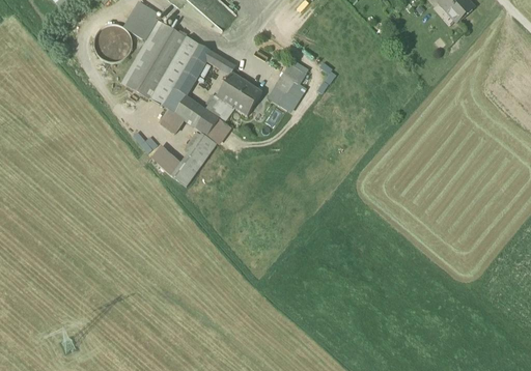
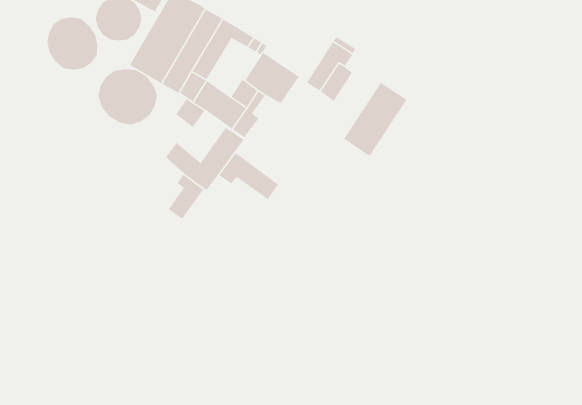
building: none -> [46,17,98,71]
building: none -> [97,68,158,126]
building: none -> [343,82,407,157]
building: none -> [219,152,279,200]
building: none -> [168,174,204,220]

